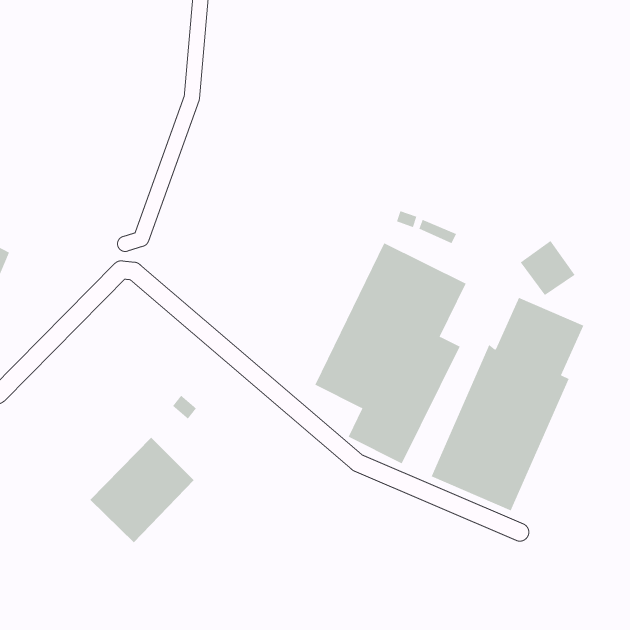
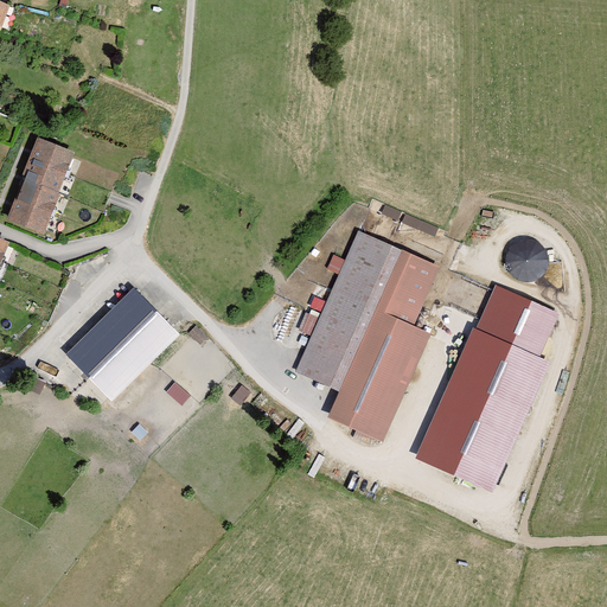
building: none -> [5,136,74,234]
building: [89,437,195,543] -> [68,294,168,396]

